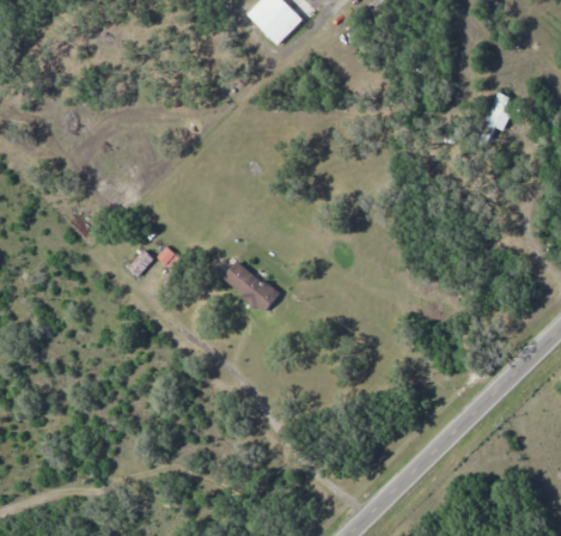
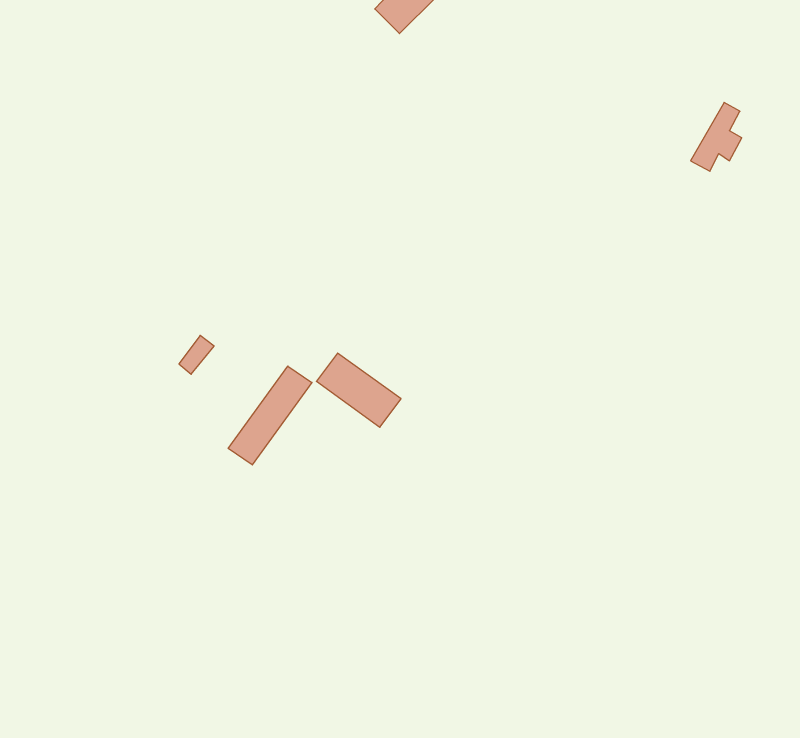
building: none -> [228,366,312,465]

